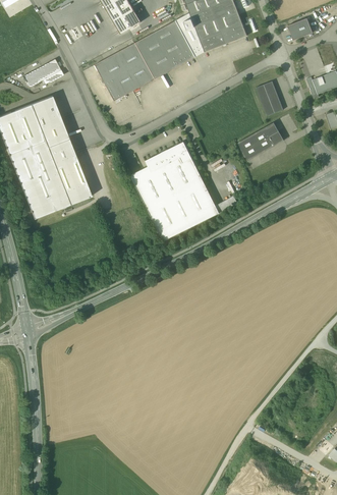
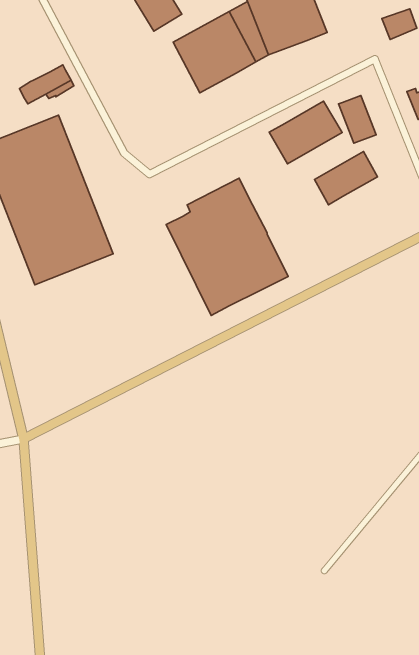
building: [95,42,155,100] -> none
building: none -> [269,101,342,164]

